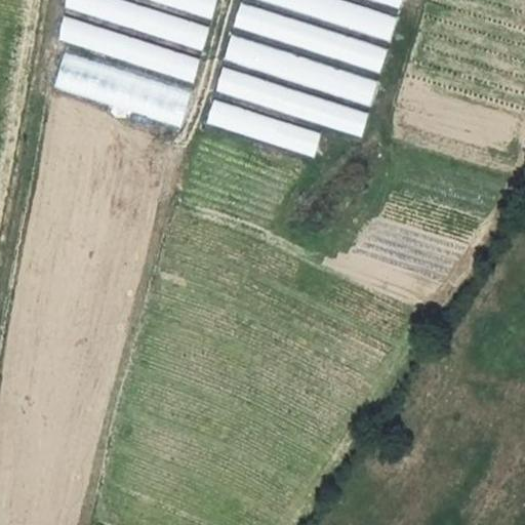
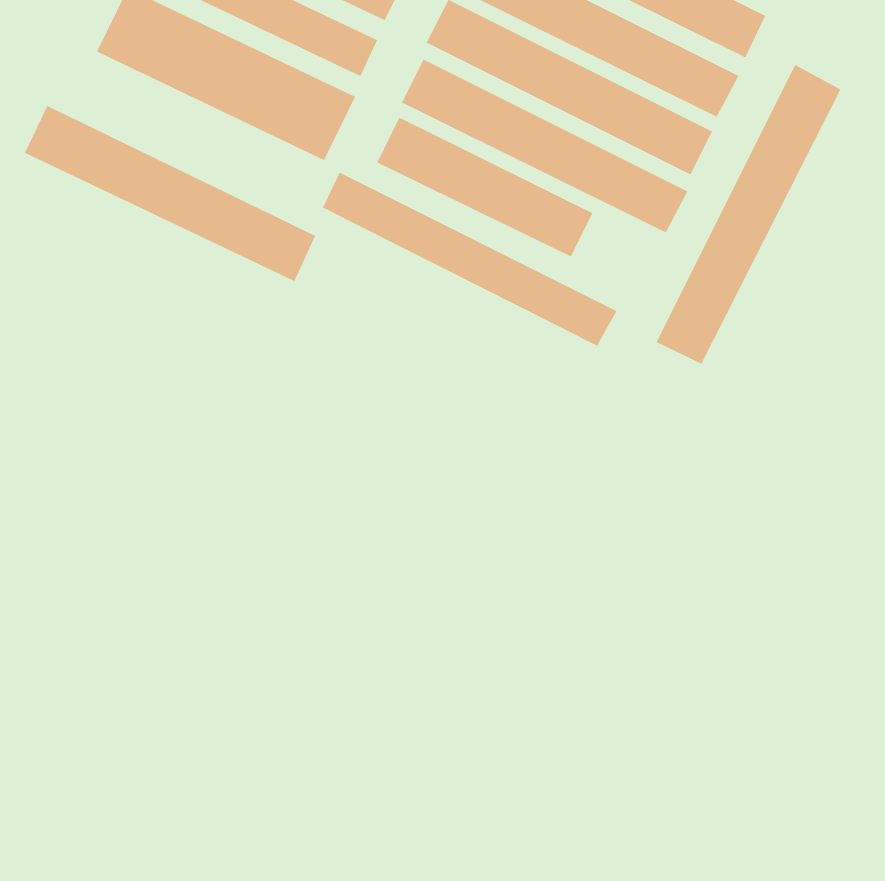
building: none -> [655,64,841,365]
building: none -> [24,105,316,282]
building: none -> [322,171,618,347]

